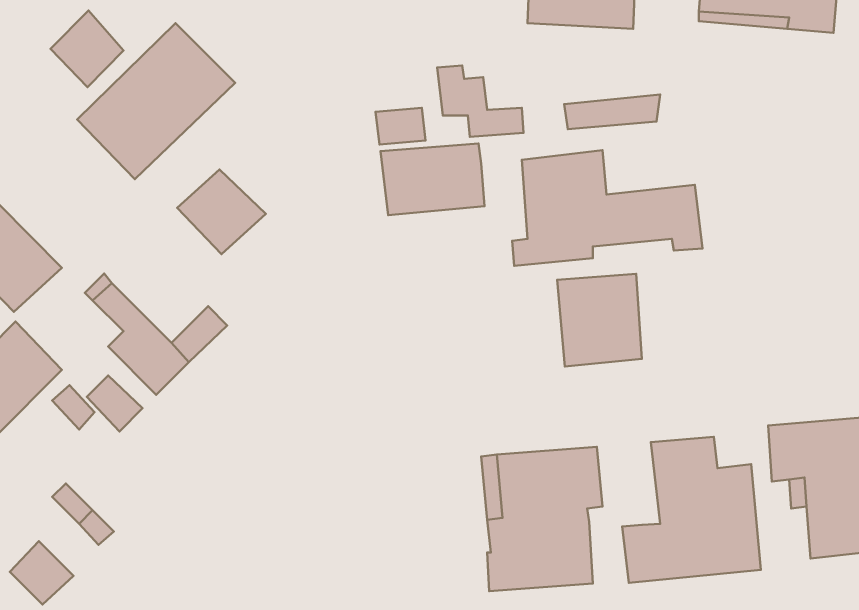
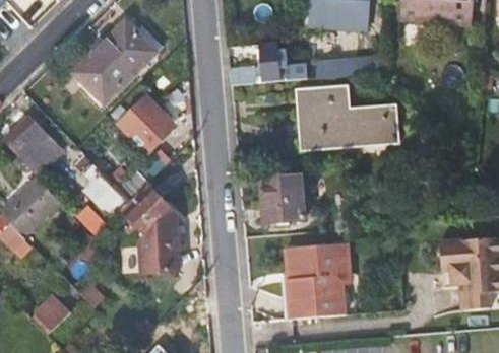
building: [50,10,124,87] -> none
building: [380,143,485,215] -> none
building: [557,274,642,366] -> [258,174,303,223]
building: none -> [123,187,182,275]
building: [622,437,761,583] -> none

